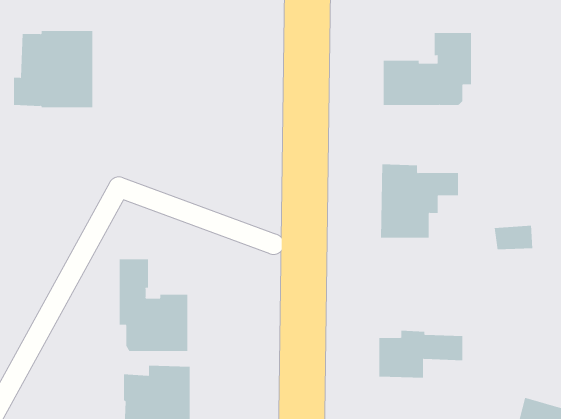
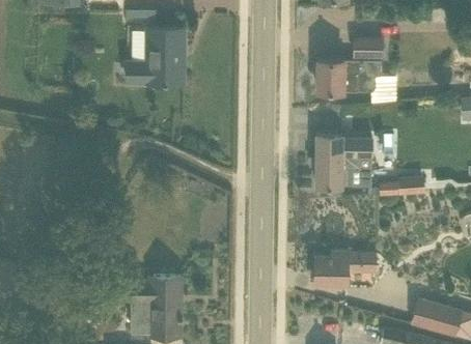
building: [13,31,93,108] -> [128,30,185,85]
building: [119,258,188,352] -> none

